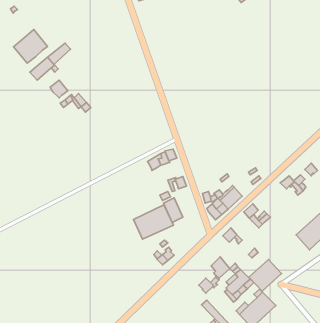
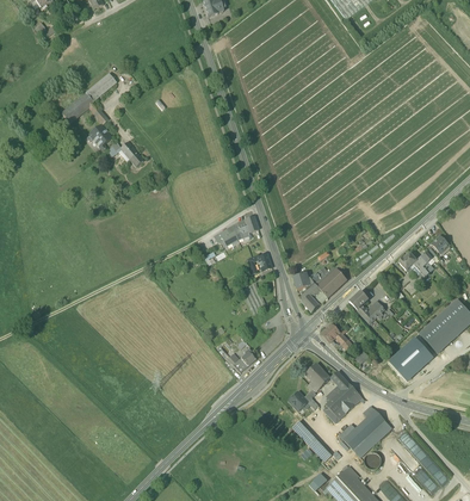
building: [13,29,48,63] -> none
building: [134,205,174,239] -> none
building: [249,259,282,291] -> [389,336,433,379]

